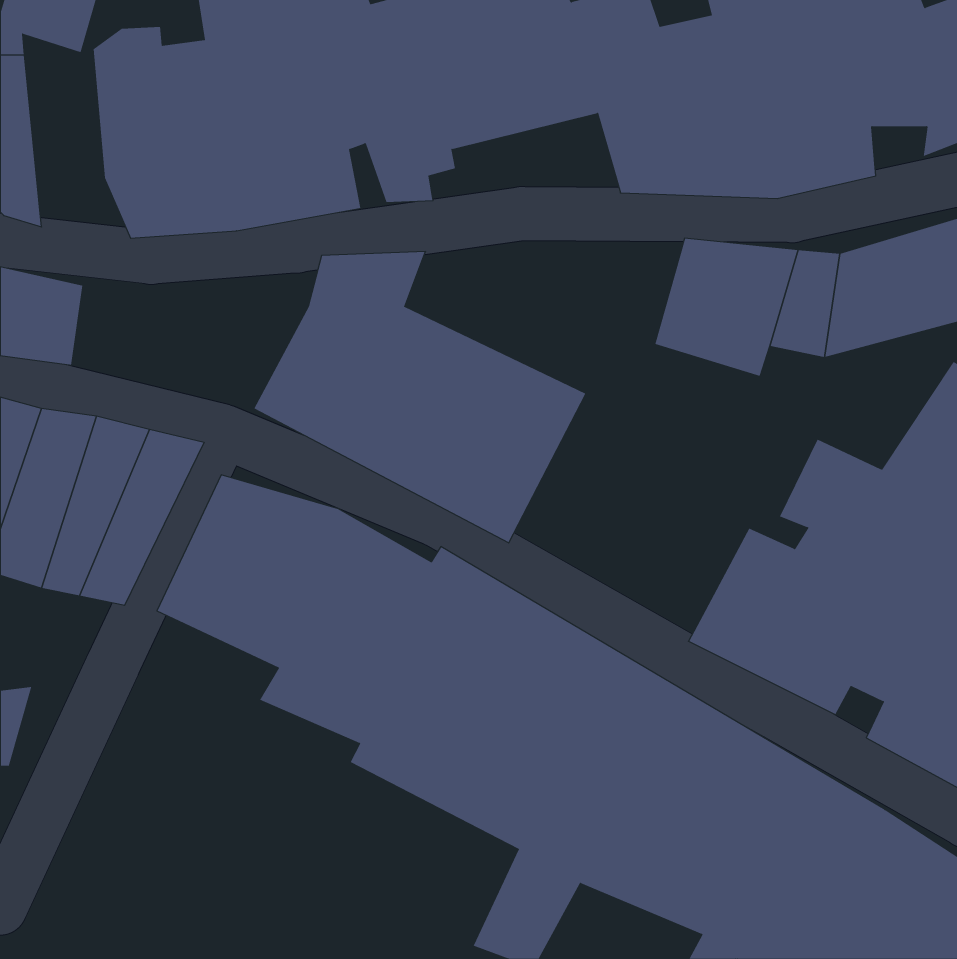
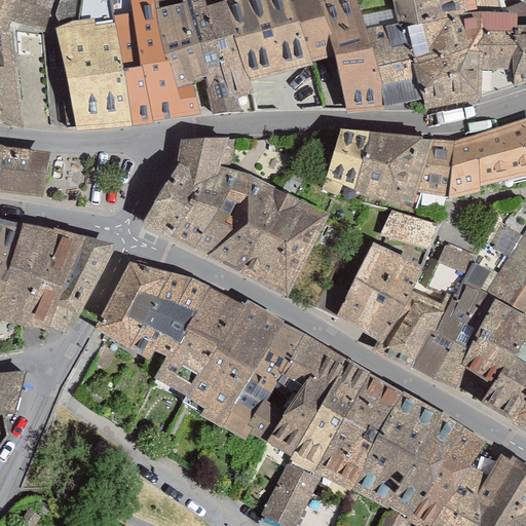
building: none -> [328,125,377,191]
building: none -> [335,210,436,343]

